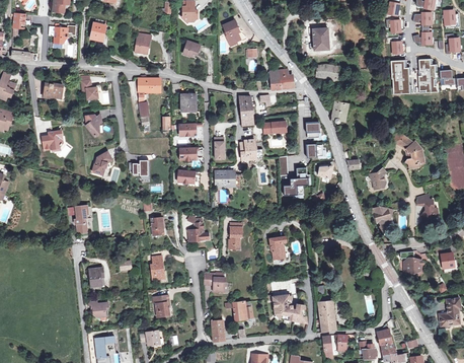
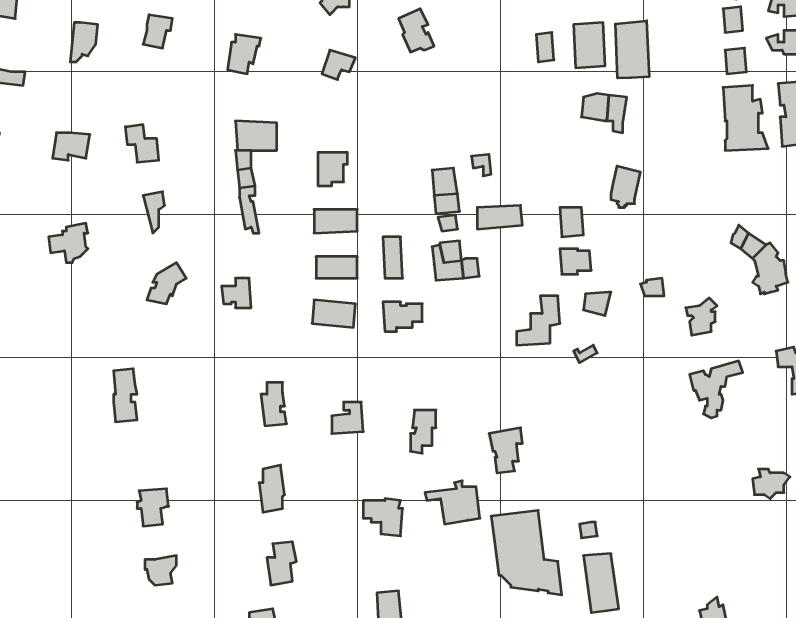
building: none -> [615,21,649,78]
building: [270,68,293,88] -> none
building: [225,298,253,320] -> [425,481,480,524]

